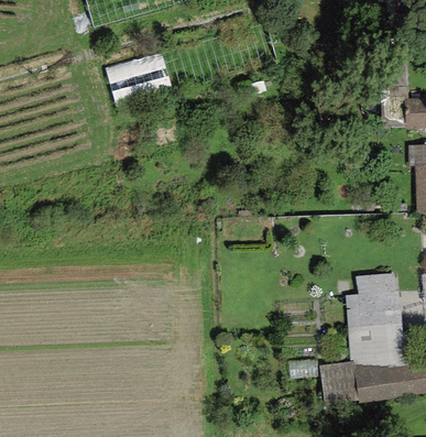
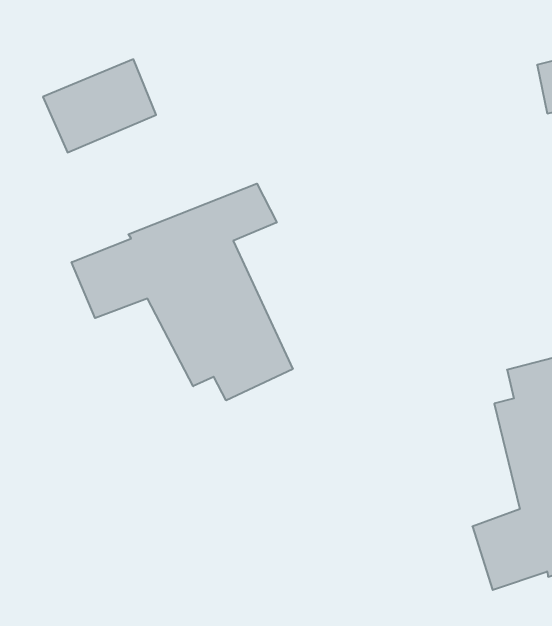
building: none -> [72,184,293,400]

